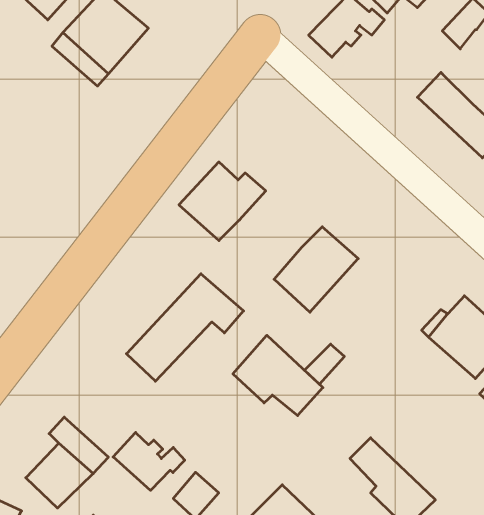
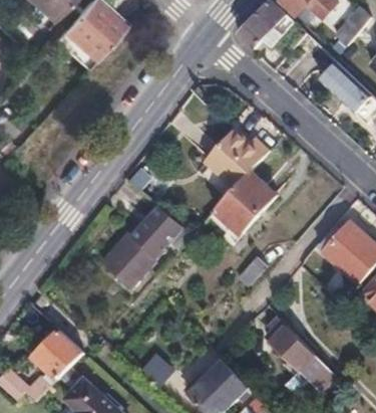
building: [179,162,266,241] -> [205,130,268,187]
building: [233,335,323,416] -> none
building: [113,432,185,490] -> none

